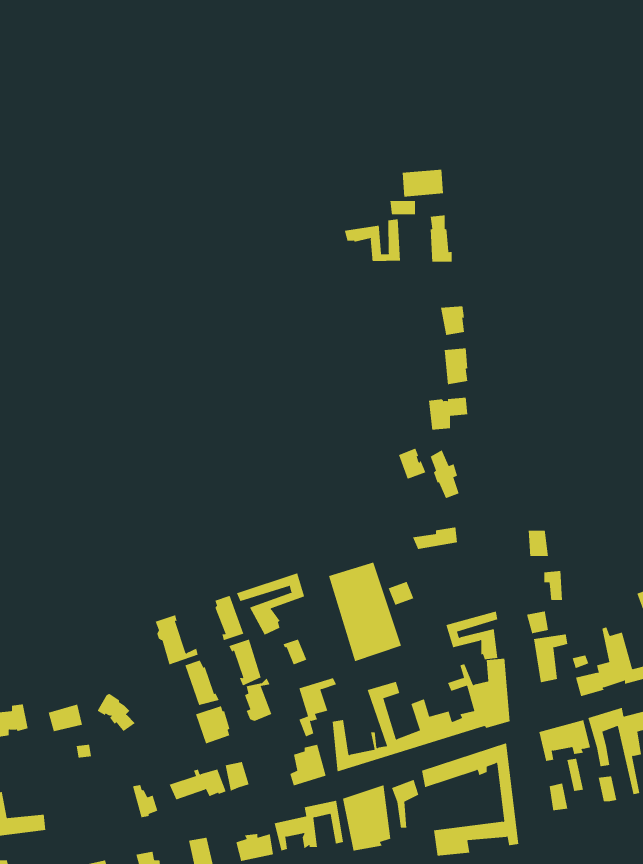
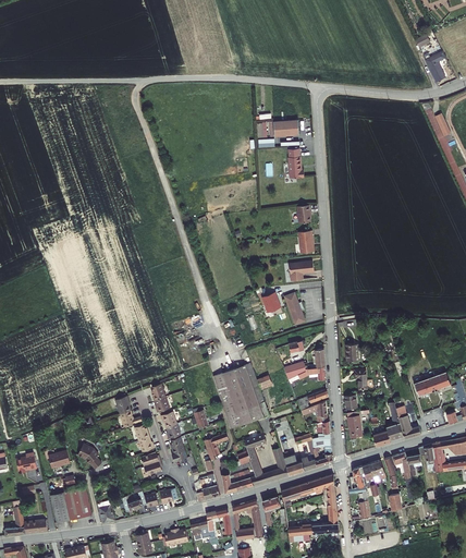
building: [344,219,401,262] -> none
building: none -> [283,349,326,383]
building: [236,572,305,636] -> none
building: none -> [50,486,90,521]

